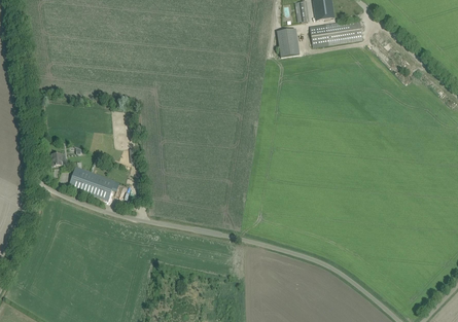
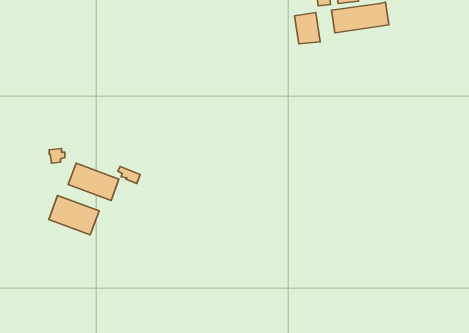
building: none -> [49,195,99,235]

